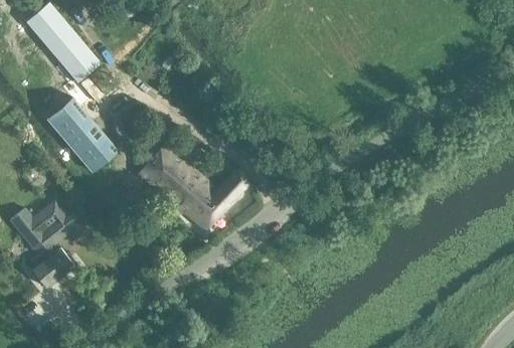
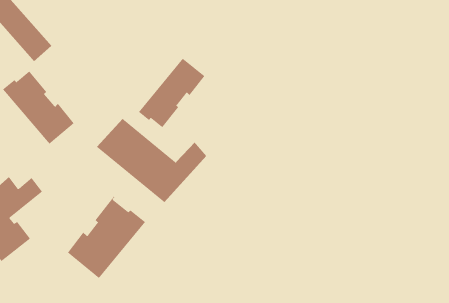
building: none -> [138,58,205,130]
building: none -> [67,196,146,279]

